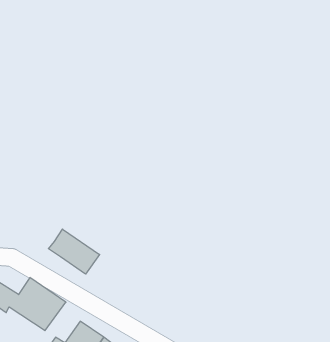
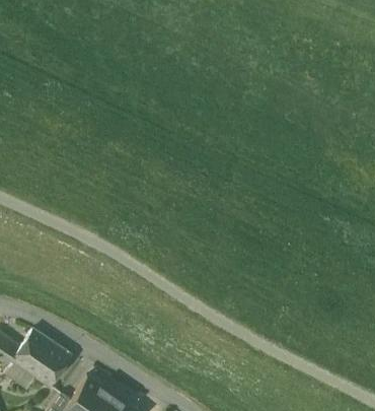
building: [48,229,100,274] -> none

